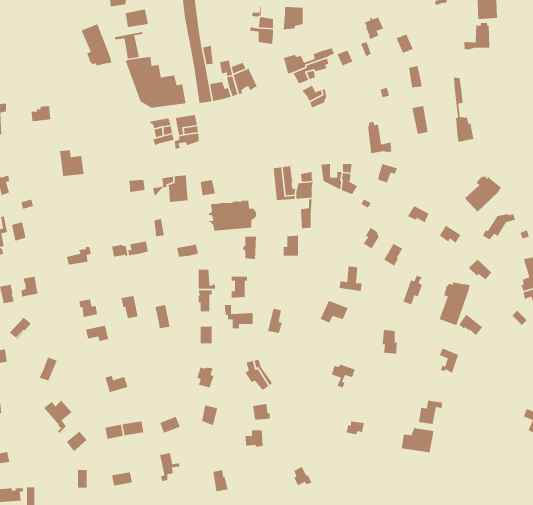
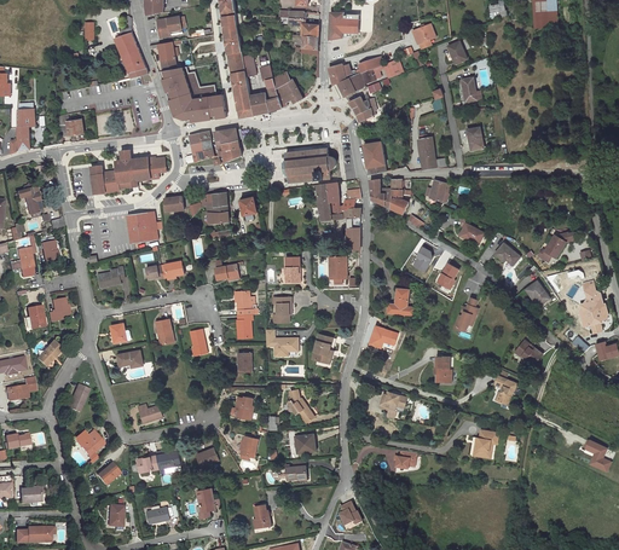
building: [464,22,490,50] -> none
building: [453,77,474,142] -> none
building: none -> [361,140,383,174]
building: none -> [112,156,164,189]
building: [464,175,502,212] -> none
building: none -> [126,212,156,243]
building: [208,199,257,232] -> [282,146,334,181]
building: [438,281,470,326] -> none
building: [401,426,434,453] -> none

